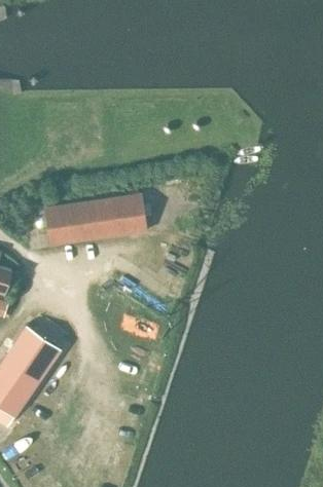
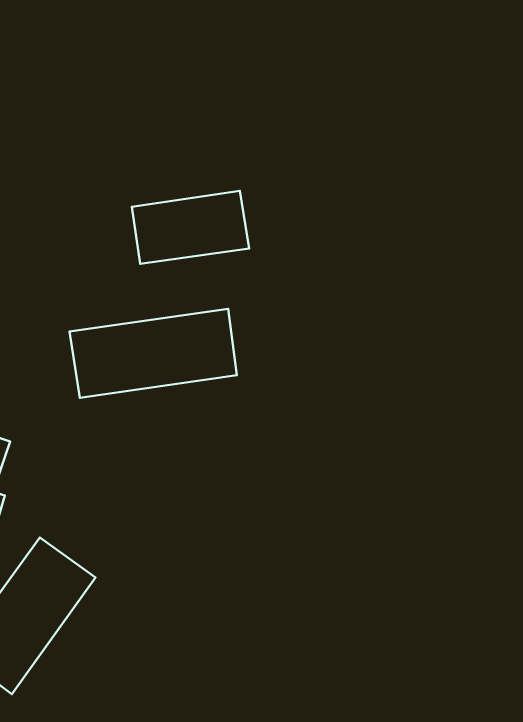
building: none -> [132,191,249,264]

